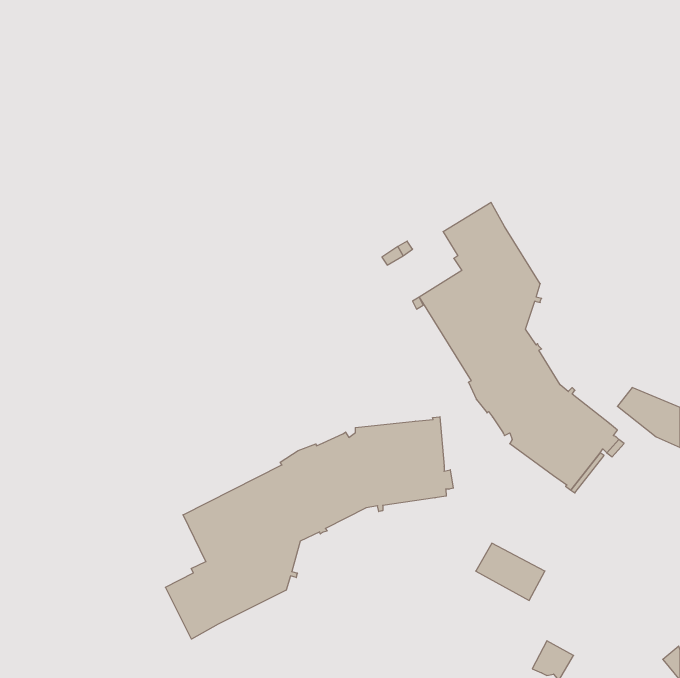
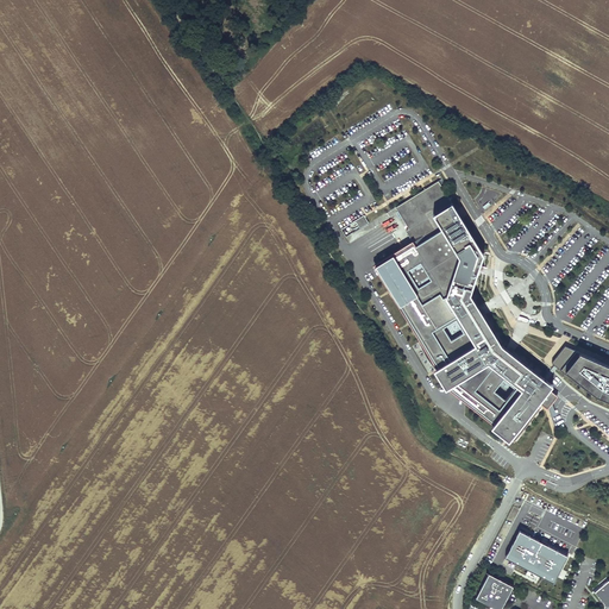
building: [165,417,453,639] -> none
building: [476,543,545,600] -> [506,530,567,582]

